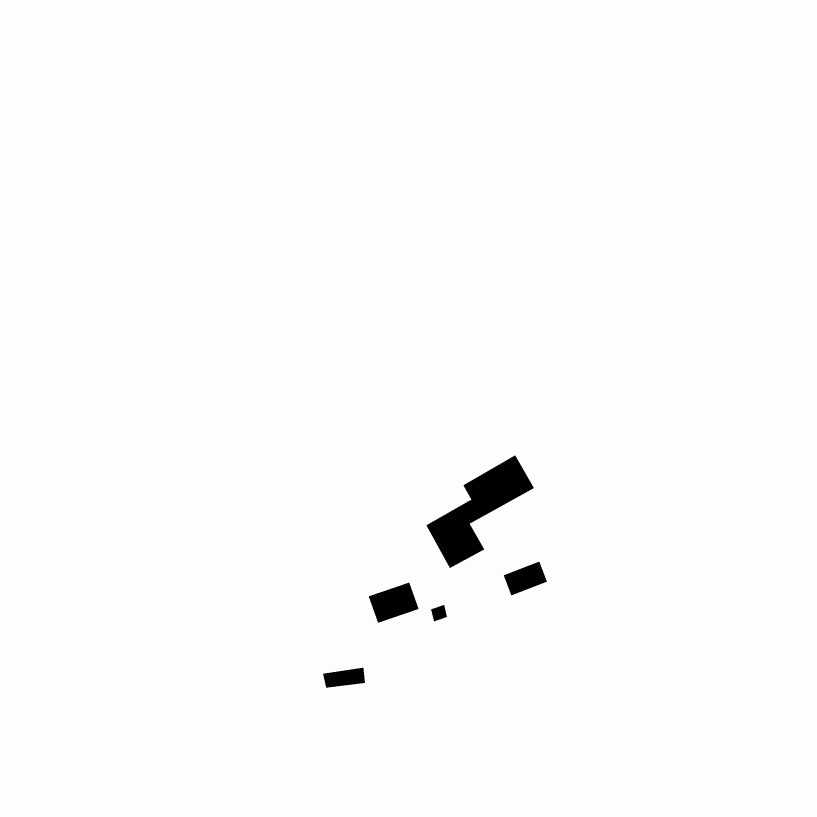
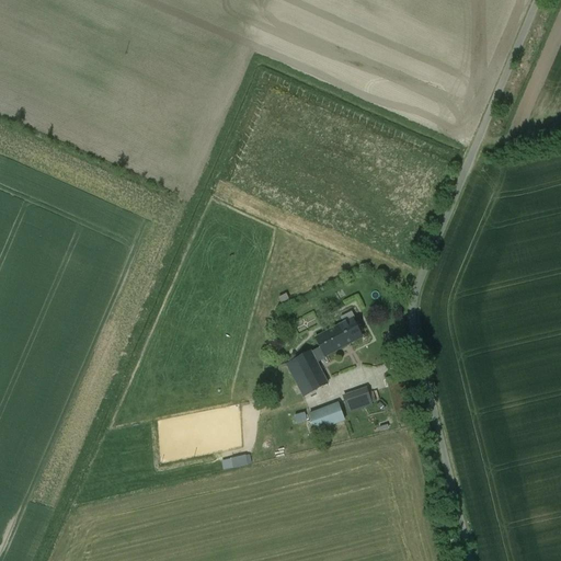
building: [368,582,419,624] -> [308,401,343,430]

